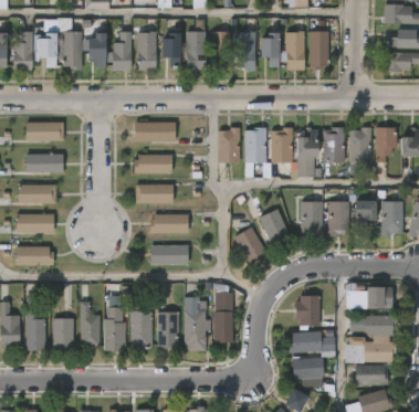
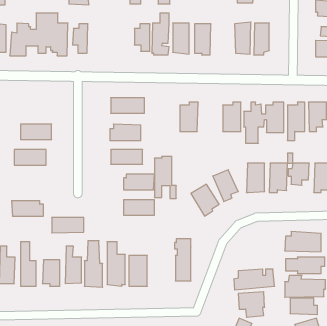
building: [113,31,132,70] -> none
building: [137,31,157,70] -> none
building: [262,32,282,66] -> none
building: [25,123,64,141] -> none
building: [244,127,271,178] -> [154,156,176,198]
building: [15,214,54,233] -> [52,217,84,233]
building: [293,294,317,325] -> none
building: [184,297,211,350] -> none

